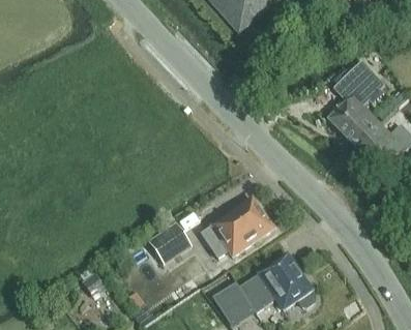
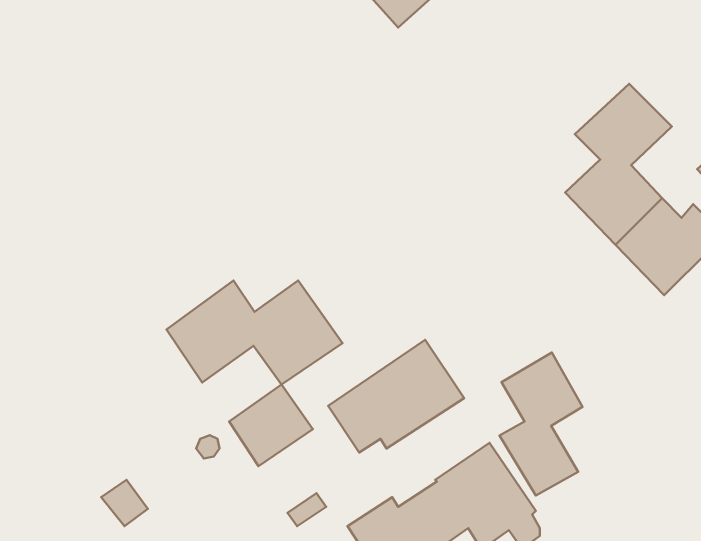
building: none -> [166,280,343,385]
building: none -> [500,353,582,496]

